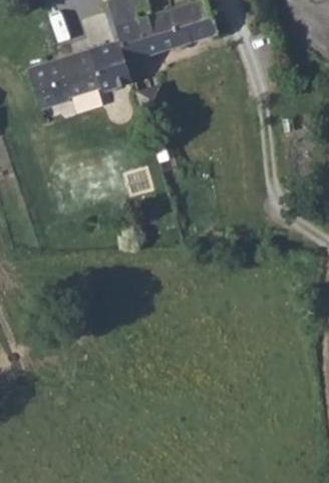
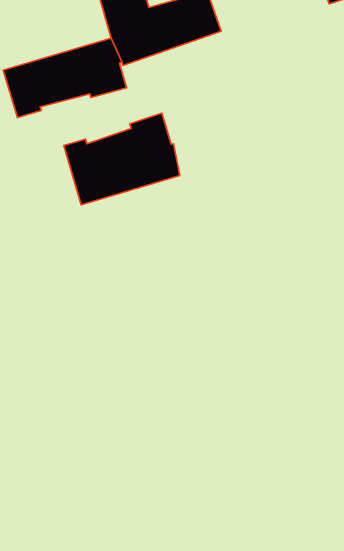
building: none -> [64,113,180,205]

